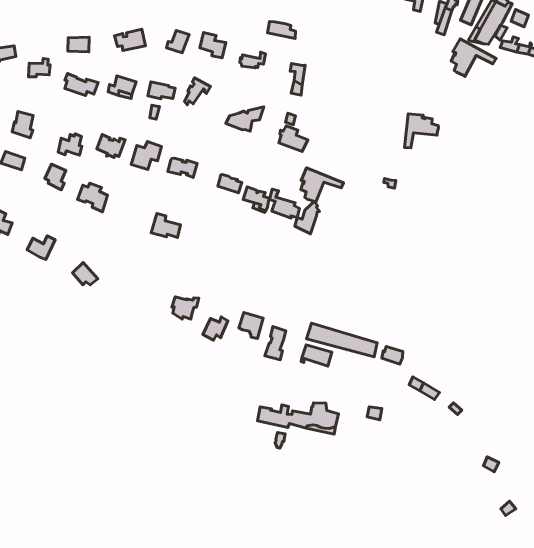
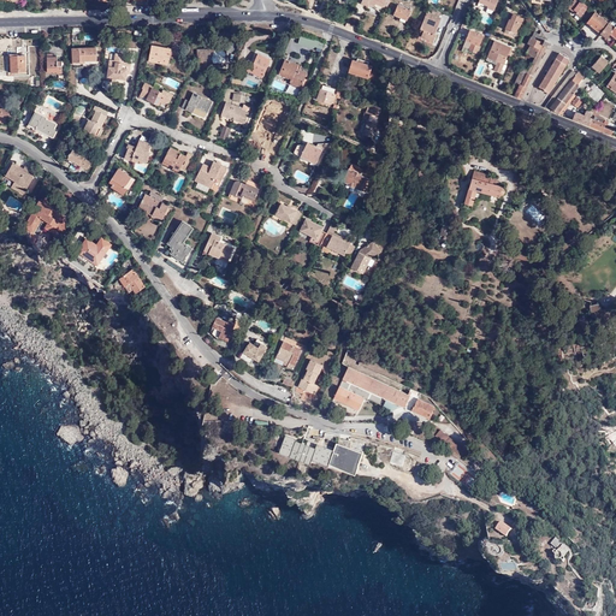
building: [451,39,496,76] -> none
building: [301,168,344,202] -> none
building: none -> [167,220,192,260]

